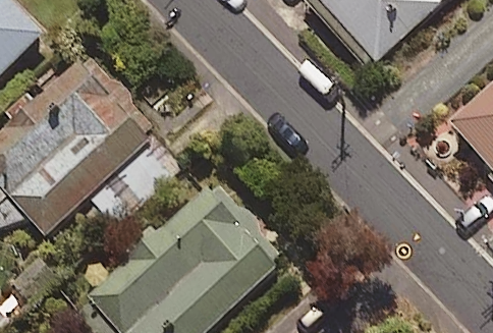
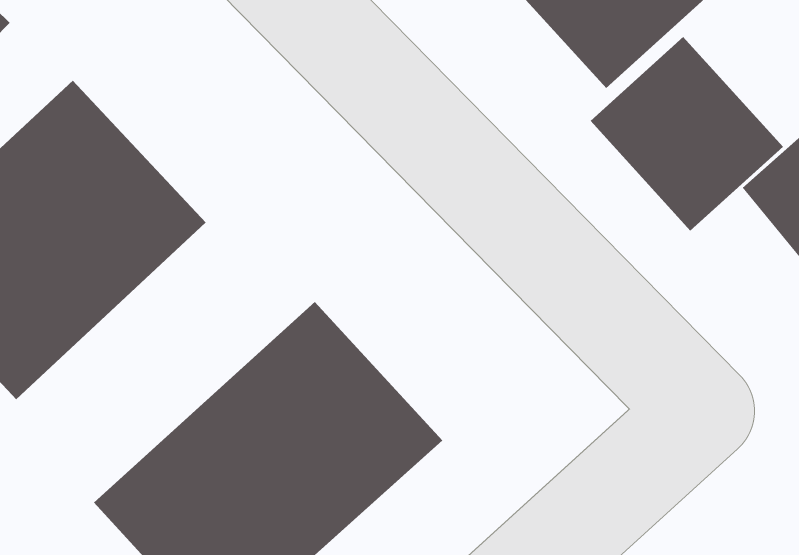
building: none -> [590,36,784,231]

